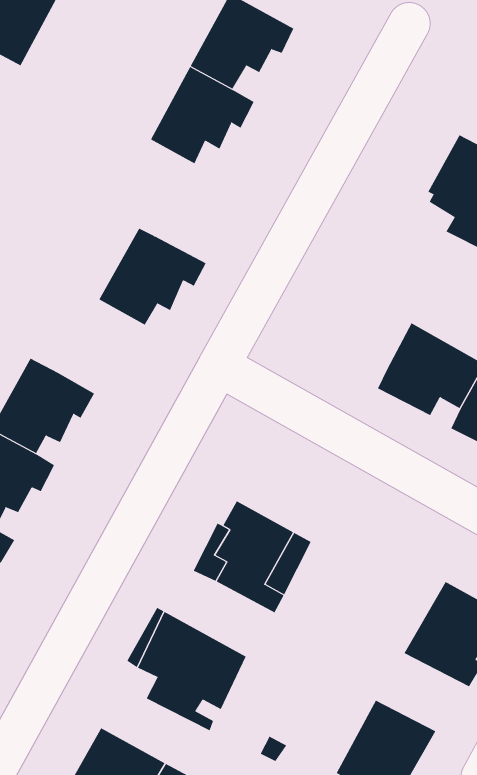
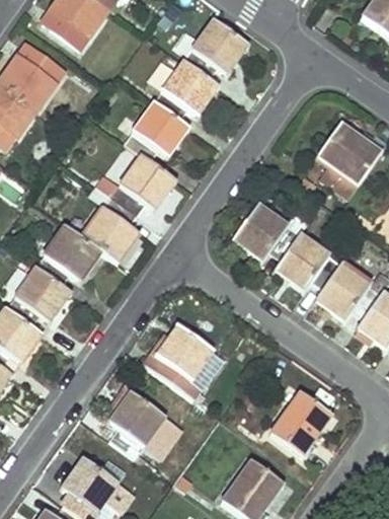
building: none -> [125,101,191,160]
building: none -> [233,203,308,260]
building: none -> [82,184,138,264]

